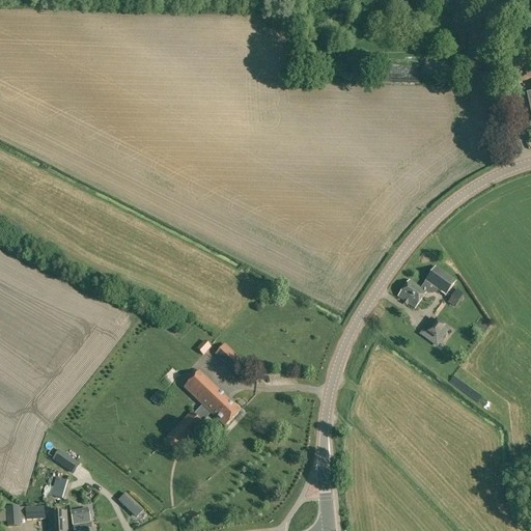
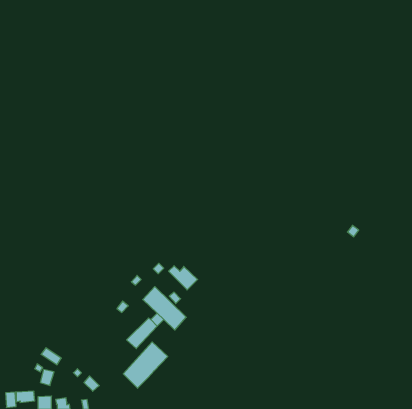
building: [397,264,455,306] -> none
building: [422,316,450,342] -> none
building: none -> [123,342,168,388]

